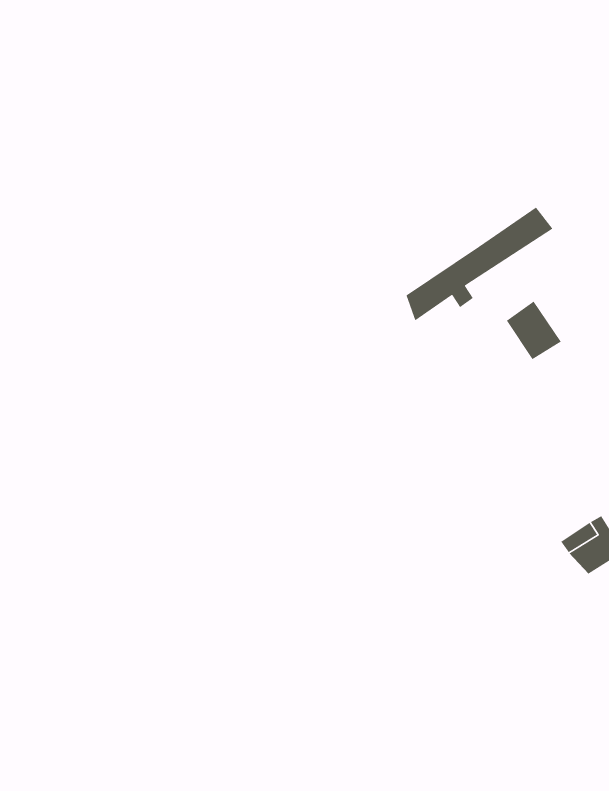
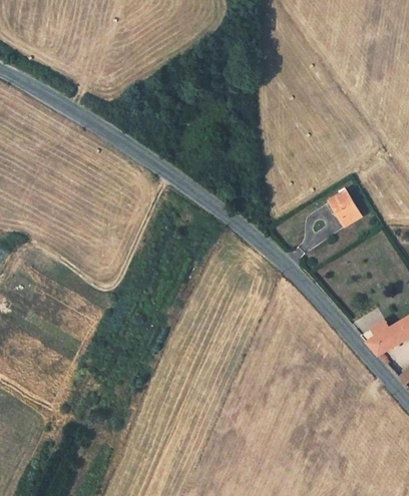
building: [406,206,553,321] -> none

